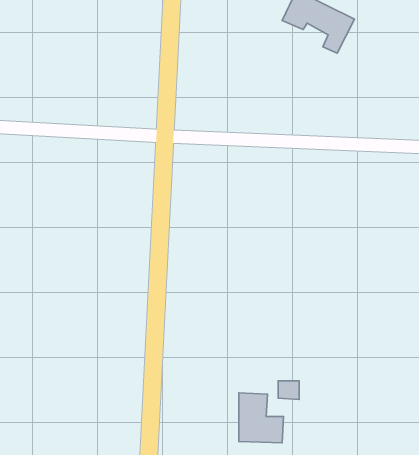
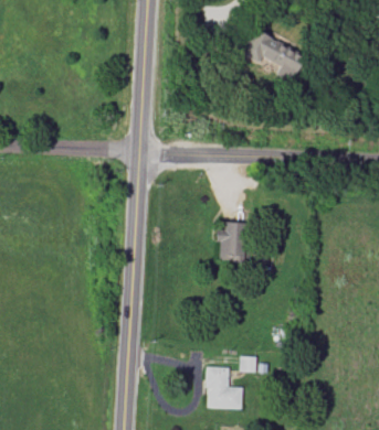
building: none -> [214,223,244,260]

